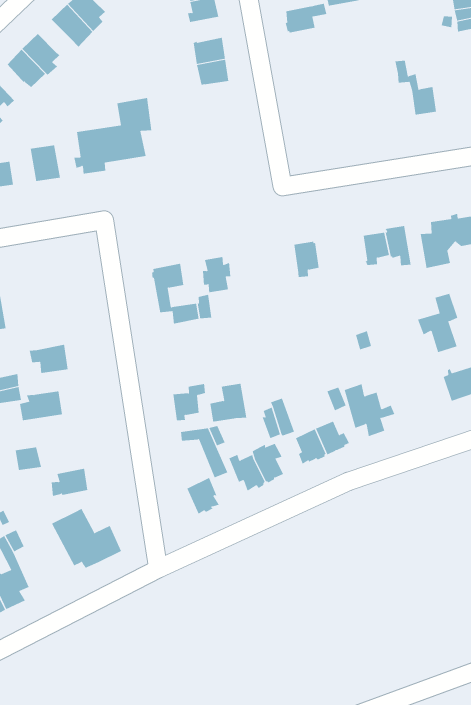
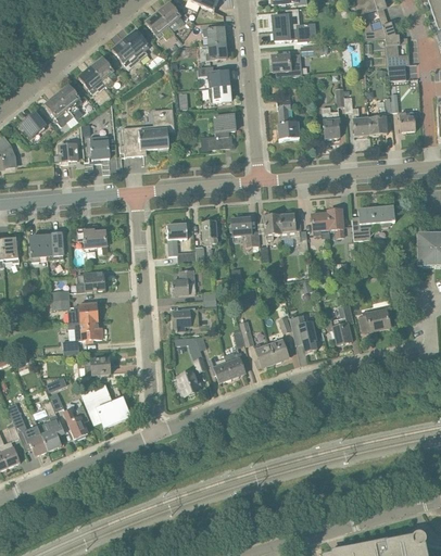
building: none -> [368,96,390,132]
building: none -> [276,99,299,138]
building: none -> [323,105,340,137]
building: none -> [205,113,235,148]
building: none -> [279,213,307,251]
building: none -> [230,216,260,244]
building: none -> [76,226,106,252]
building: [417,293,458,353] -> [325,303,353,343]
building: [209,383,247,422] -> [171,268,196,293]
building: none -> [67,318,101,341]
building: none -> [64,404,89,437]

